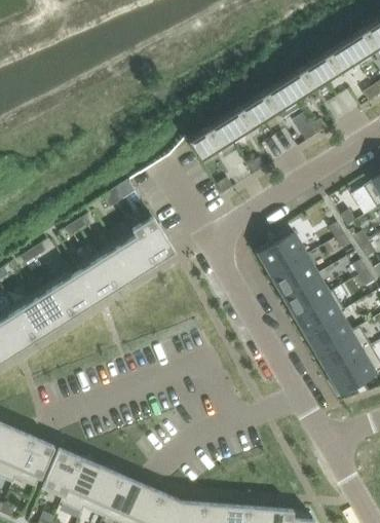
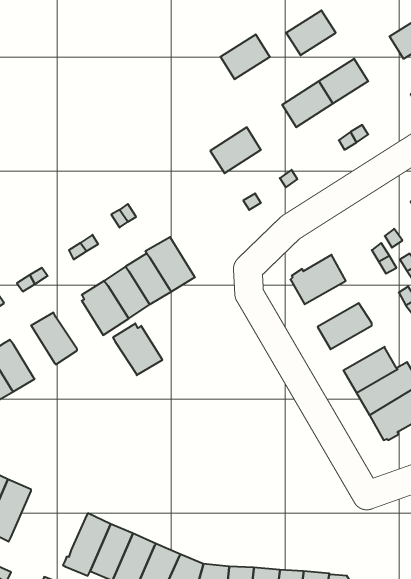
building: [314,42,357,81] -> [286,10,336,55]
building: [221,102,264,141] -> [220,34,270,79]
building: [271,255,318,295] -> none
building: [52,270,96,315] -> [113,323,162,375]
building: [294,290,346,333] -> none
building: [14,294,54,340] -> none
building: [15,437,54,487] -> none
building: [42,448,82,498] -> none

